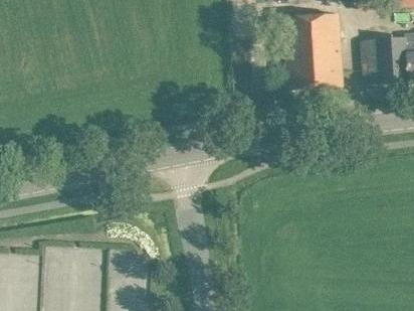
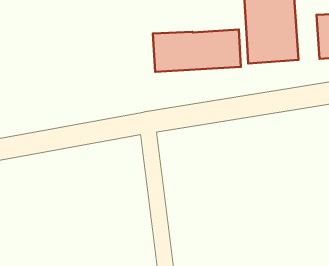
building: none -> [153,29,241,72]

